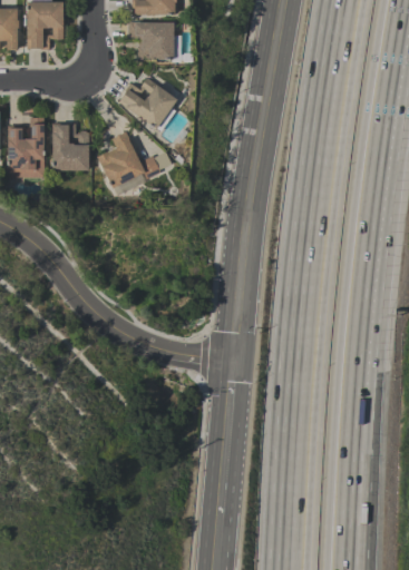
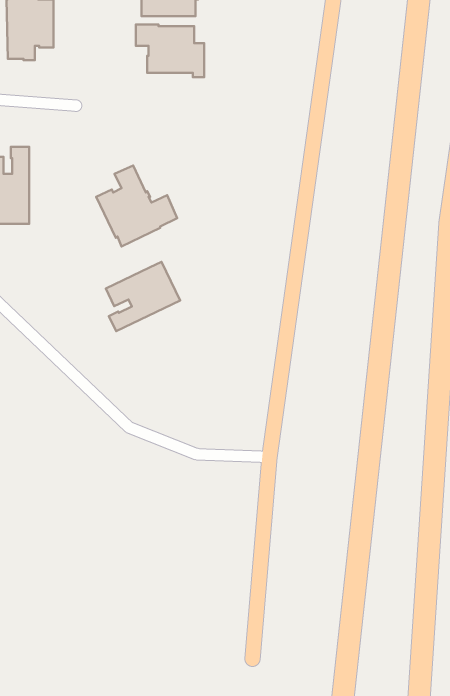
building: [118,77,187,128] -> none
building: [52,122,89,169] -> none
building: none -> [106,262,180,331]

